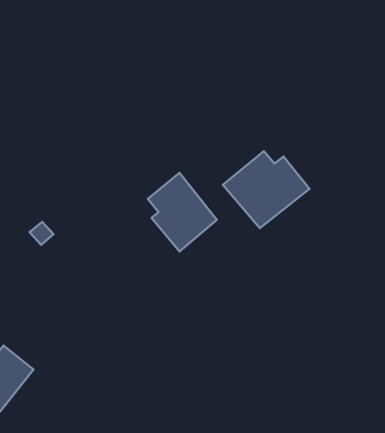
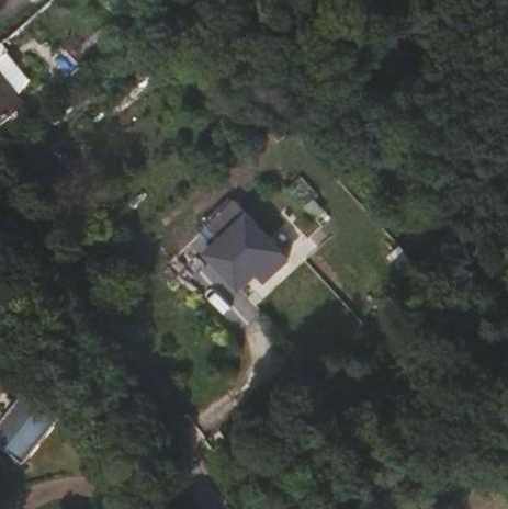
building: [223,151,309,228] -> none

